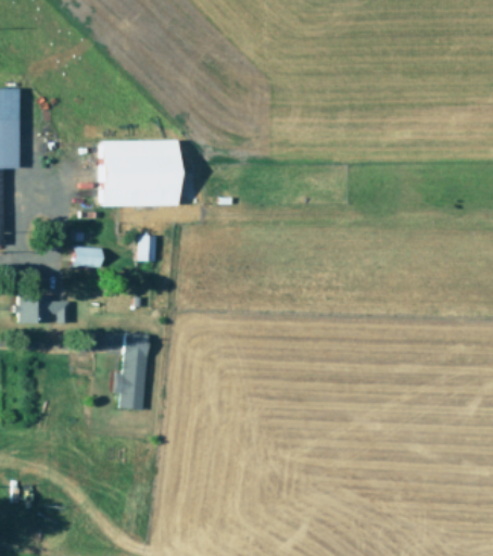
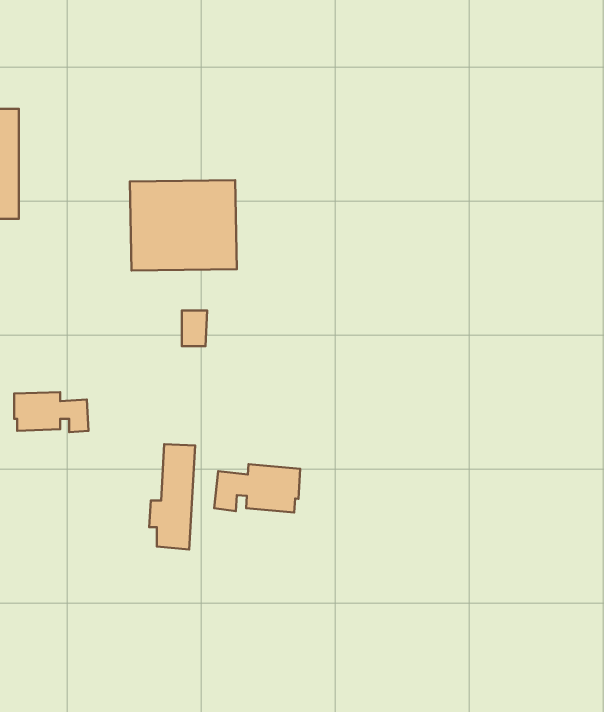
building: [72,247,101,267] -> none
building: none -> [214,464,300,513]

